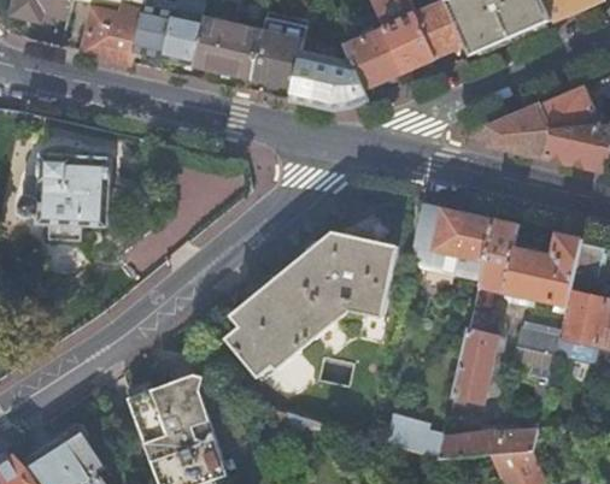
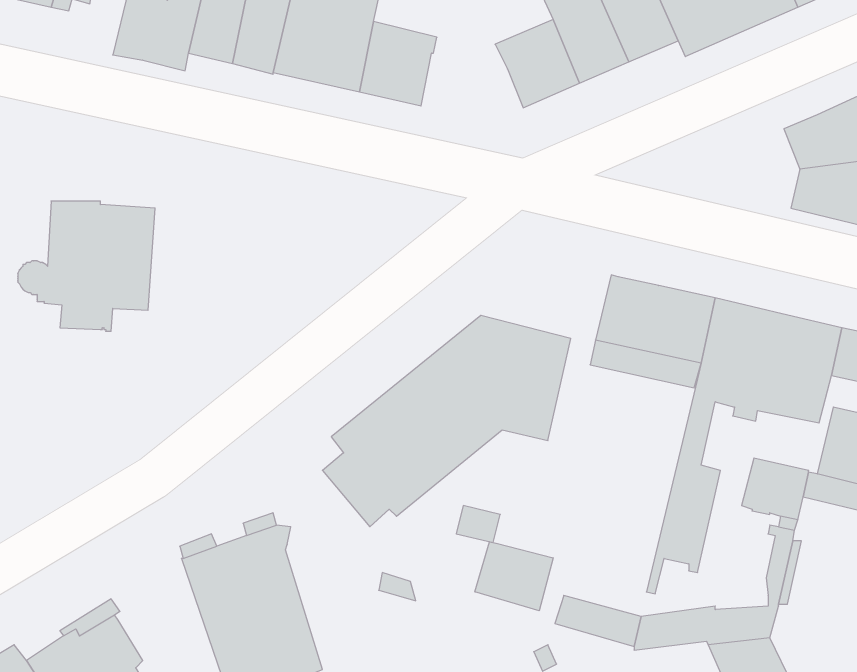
building: [289,51,368,110] -> none
building: [488,102,552,157] -> none
building: none -> [475,542,553,611]

